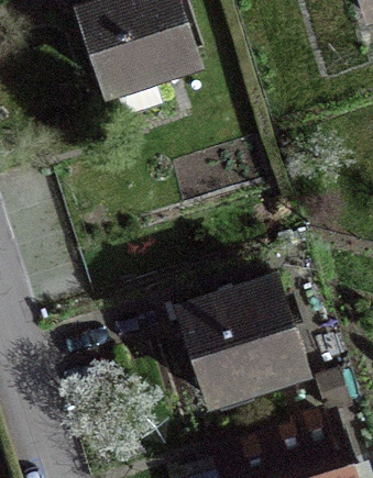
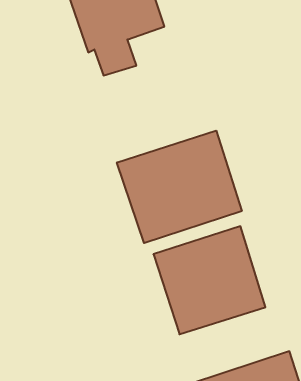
building: none -> [117,131,242,243]

